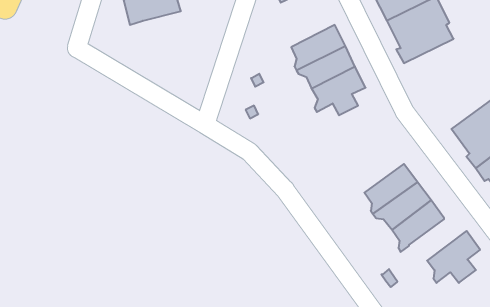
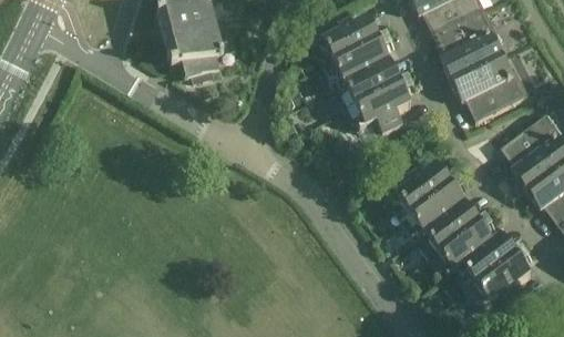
building: none -> [317,17,378,61]
building: none -> [164,23,224,74]
building: none -> [450,52,527,120]
building: none -> [390,163,450,213]
building: none -> [455,234,515,284]

